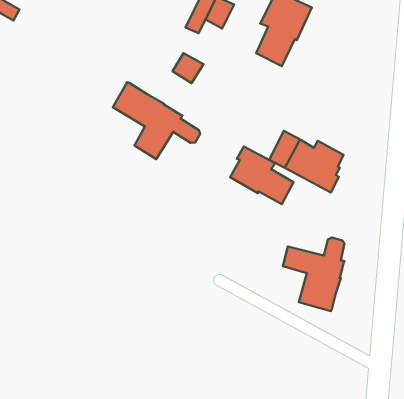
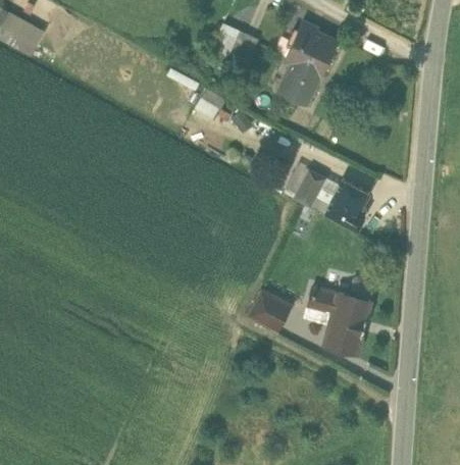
building: [113,82,200,159] -> none
building: [230,146,294,204] -> none
building: none -> [249,291,292,330]

